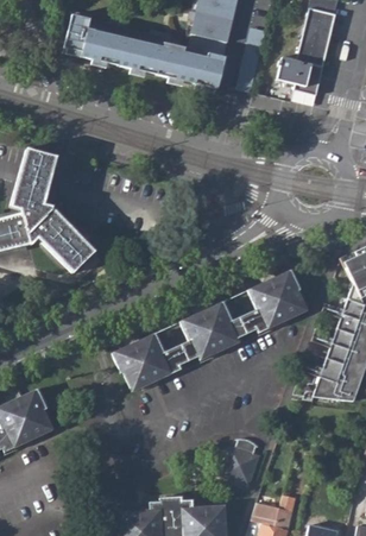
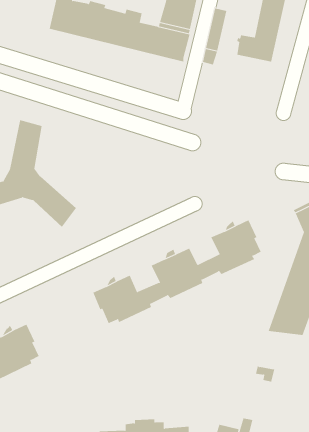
building: [220,437,260,485] -> none

